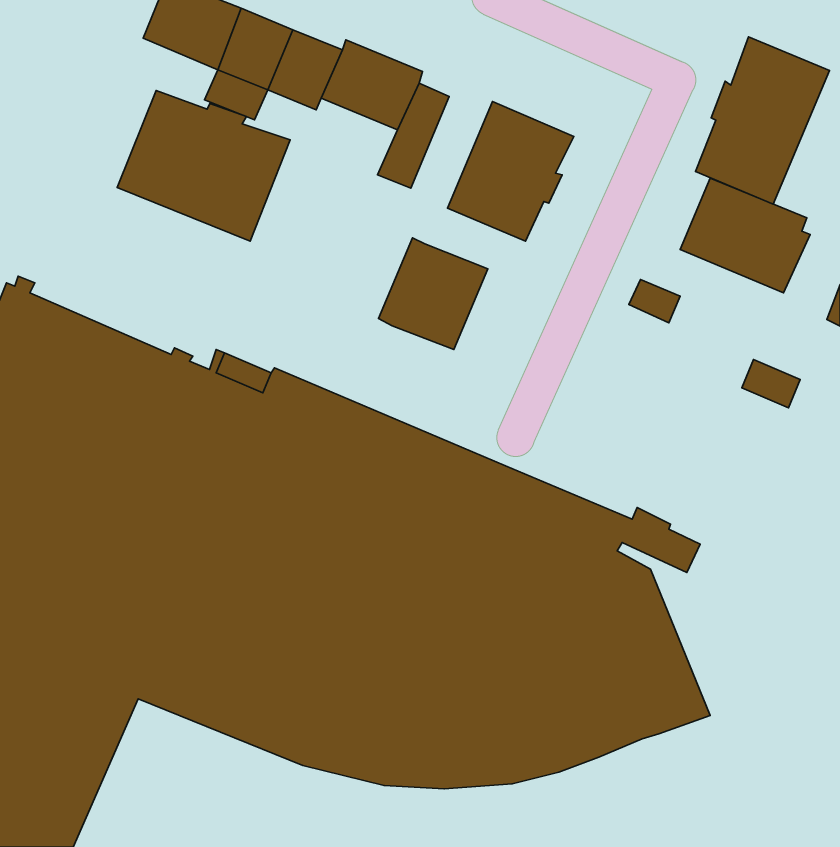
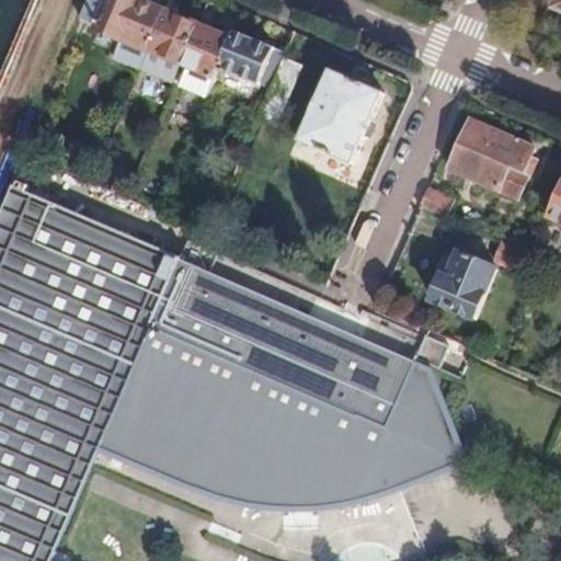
building: [696,37,829,204] -> none
building: [117,91,290,241] -> none
building: [378,238,488,349] -> none
building: none -> [426,249,491,314]

